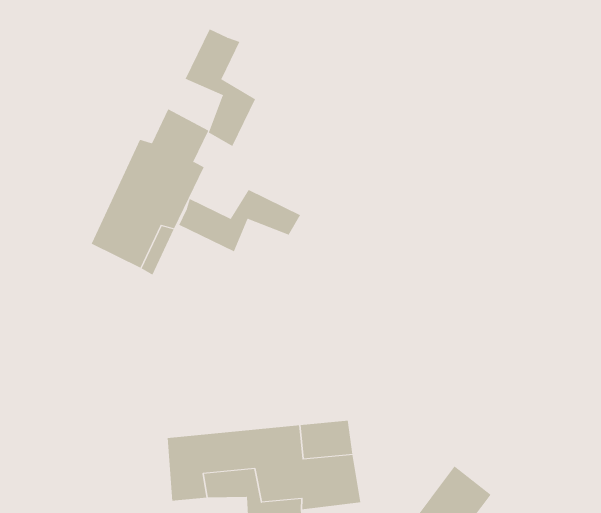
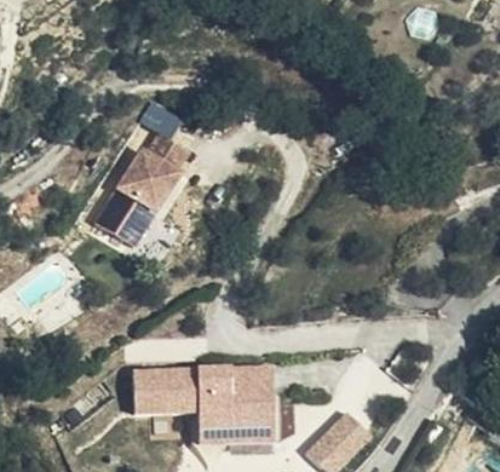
building: [185,28,256,147] -> none
building: [178,189,301,252] -> none

